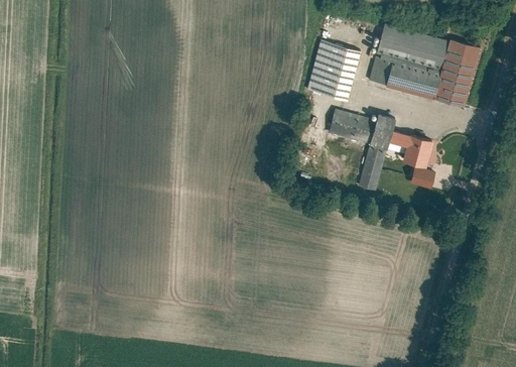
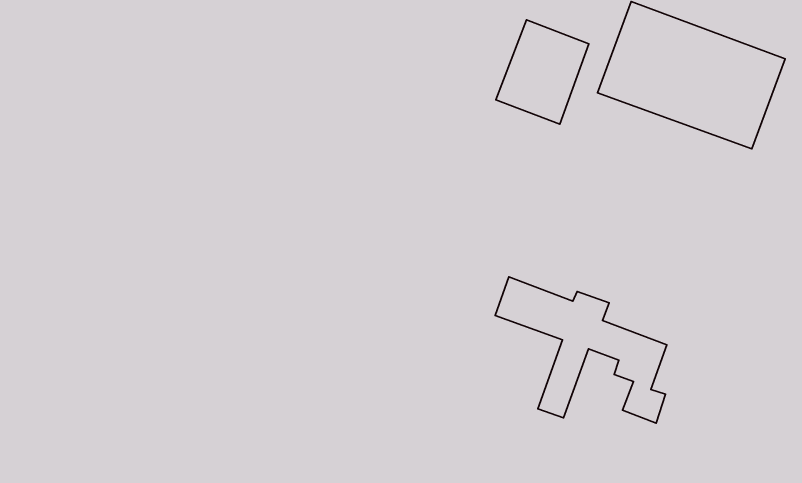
building: [328,109,435,192] -> [495,277,667,423]

